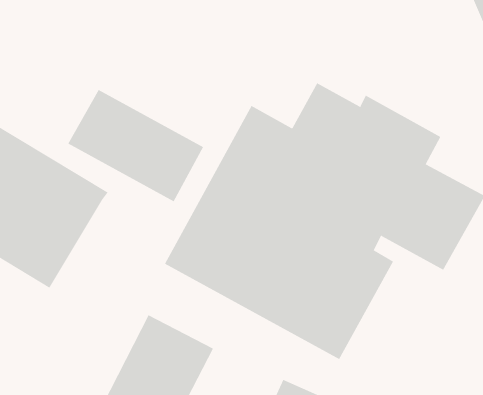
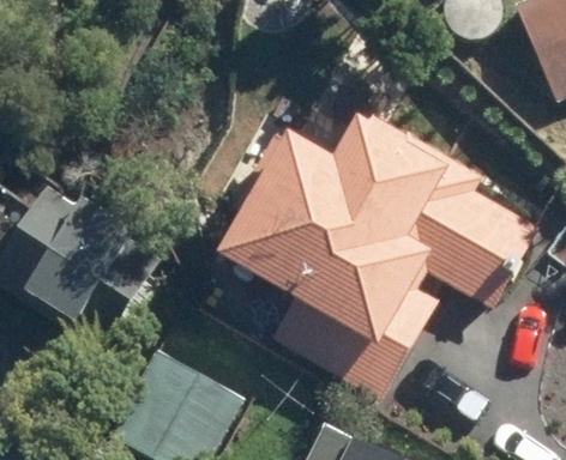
building: [67,89,204,202] -> none

